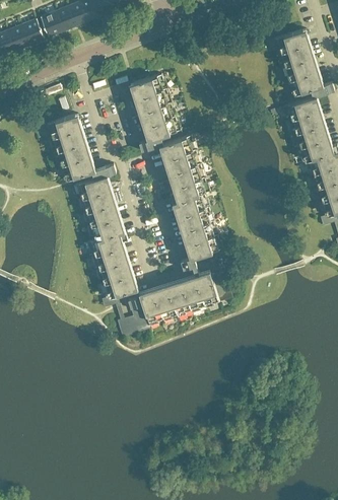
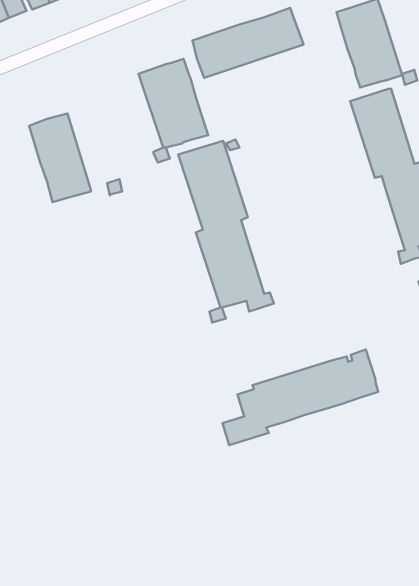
building: none -> [193,8,303,78]
building: [76,174,134,306] -> none
building: [117,266,232,337] -> [222,350,378,445]

